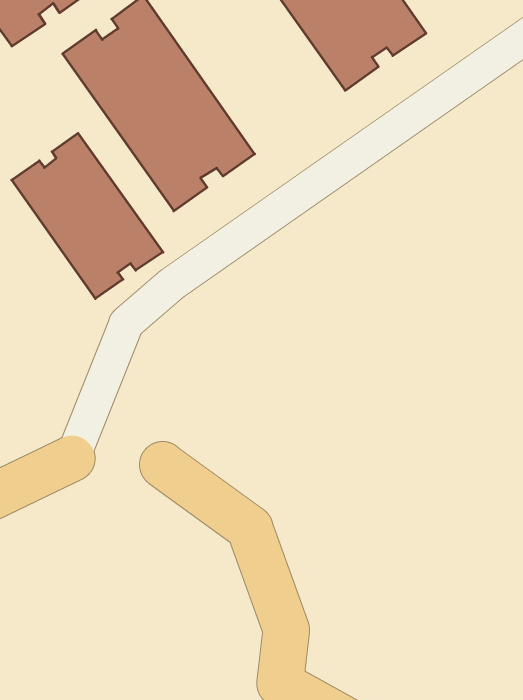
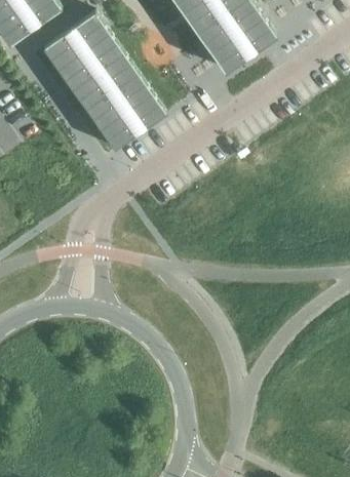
building: [12,133,163,299] -> none

